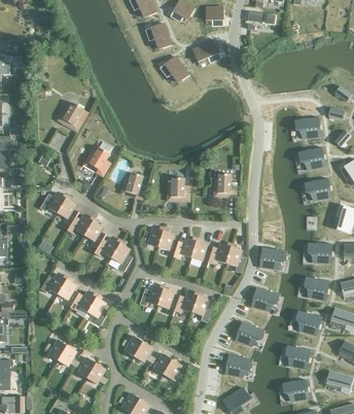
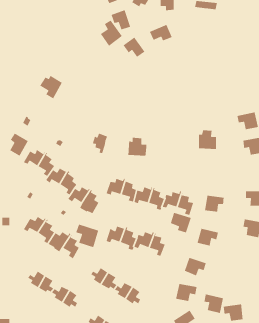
building: none -> [100,19,123,47]
building: [295,116,320,138] -> none
building: [83,142,112,176] -> none
building: none -> [9,132,29,157]
building: [214,173,237,198] -> [198,129,217,150]
building: none -> [170,212,192,234]
building: none -> [75,223,99,248]
building: [296,309,321,334] -> none
building: [285,344,310,369] -> [203,294,224,314]

